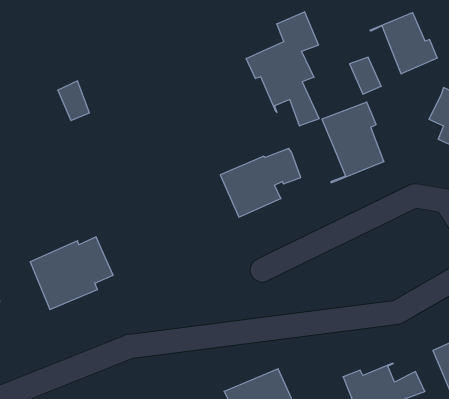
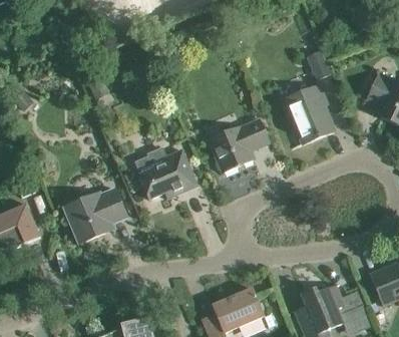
building: [246,12,319,126] -> none
building: [370,13,437,74] -> none
building: none -> [138,146,196,199]

